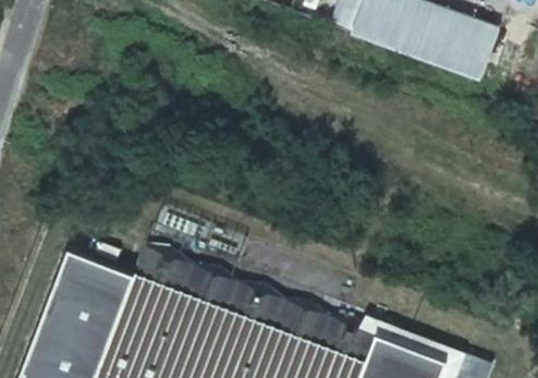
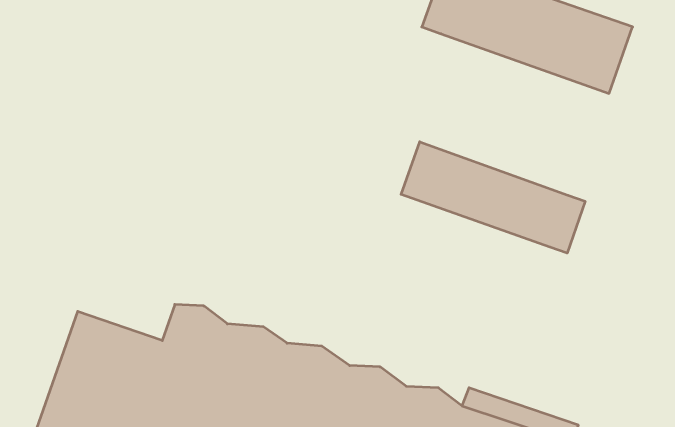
building: none -> [401,142,585,253]

